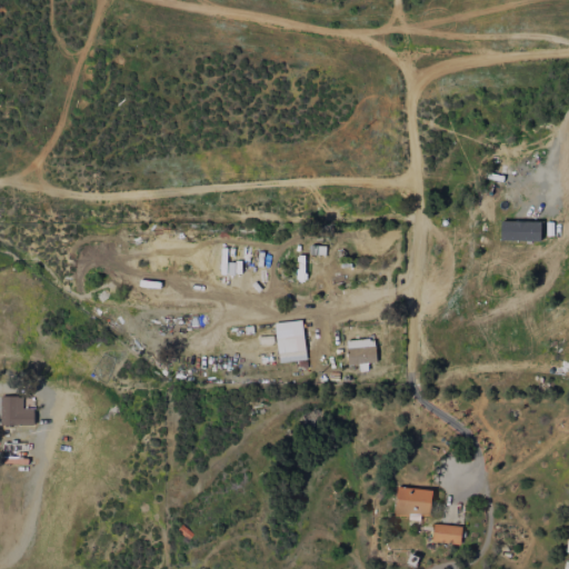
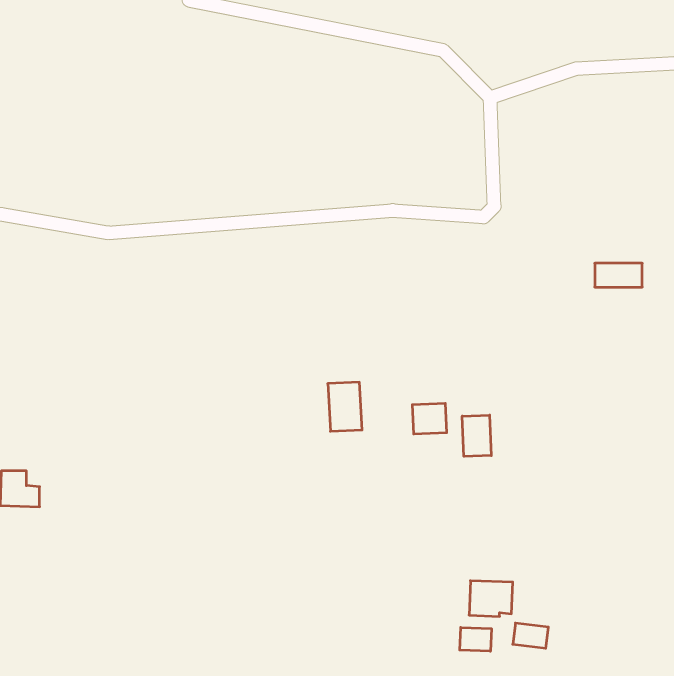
building: none -> [462,415,491,456]
building: none -> [460,627,491,651]

